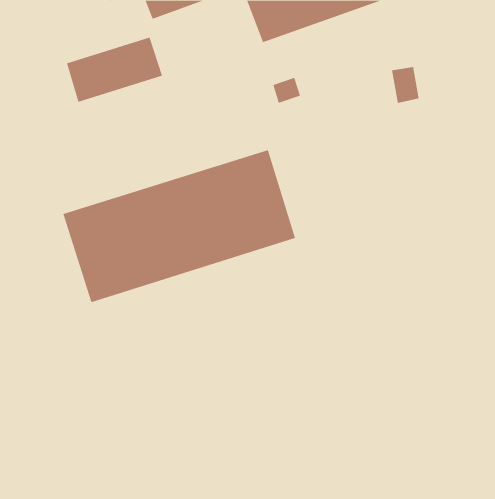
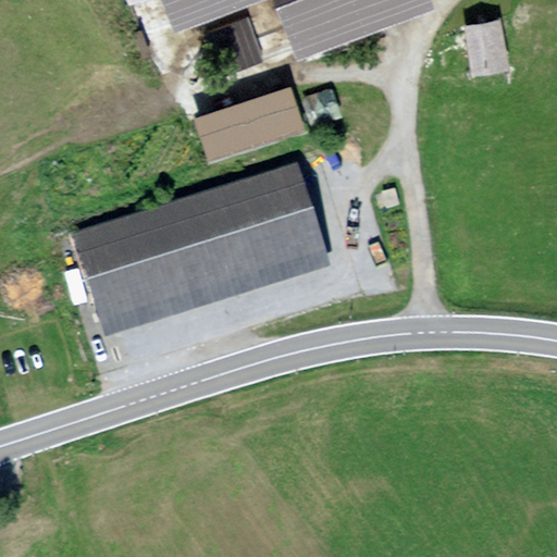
building: [66,37,163,102] -> [195,78,302,151]
building: [391,66,420,103] -> [469,18,500,60]

